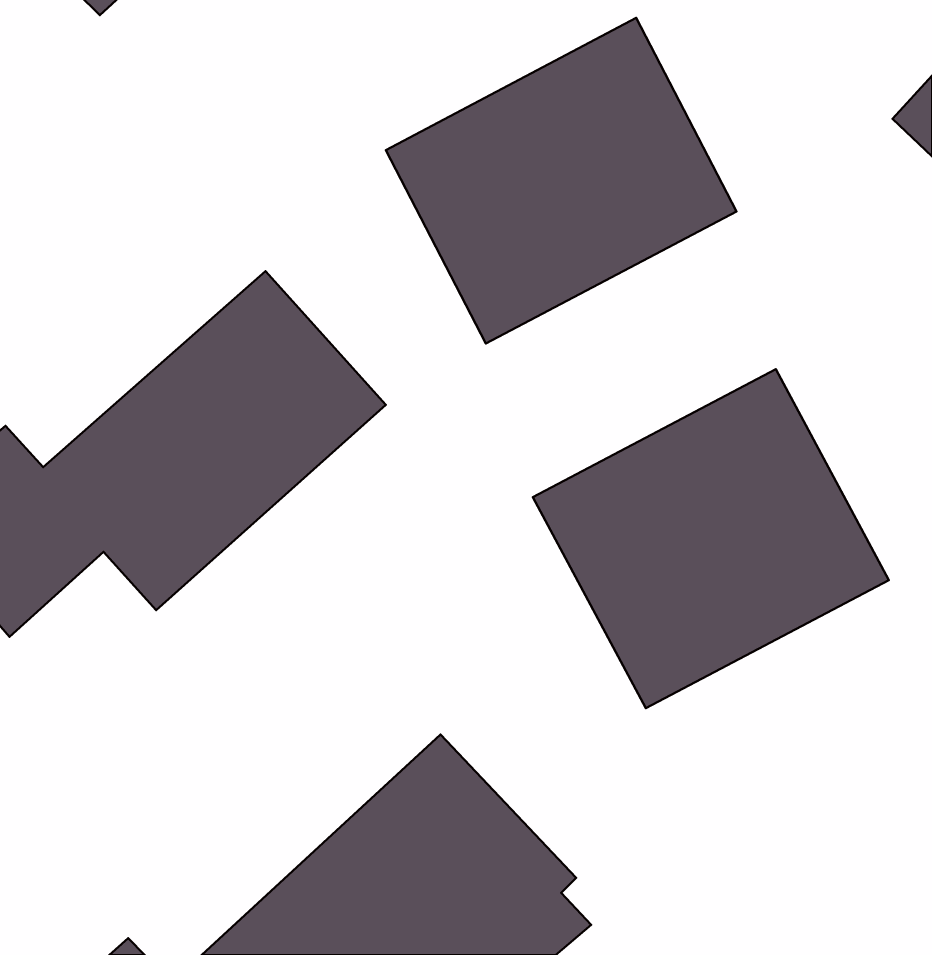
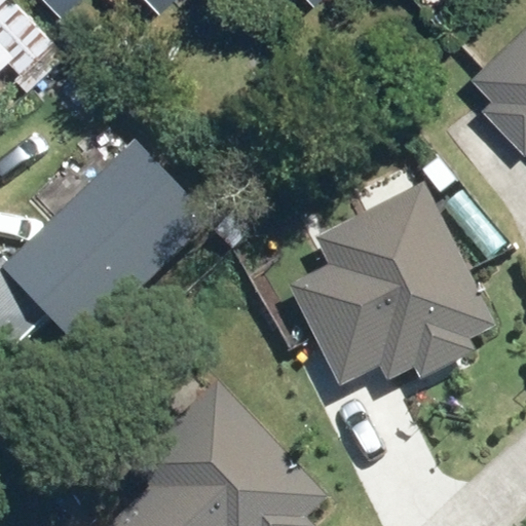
building: [386,18,736,344] -> none

